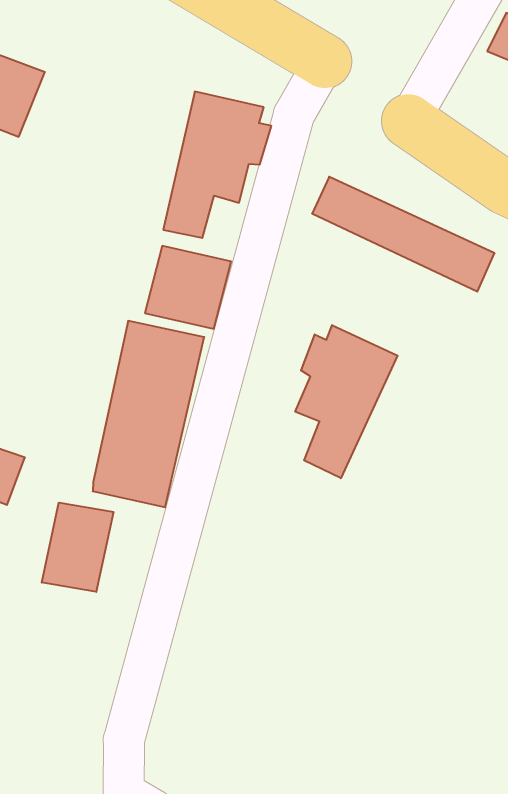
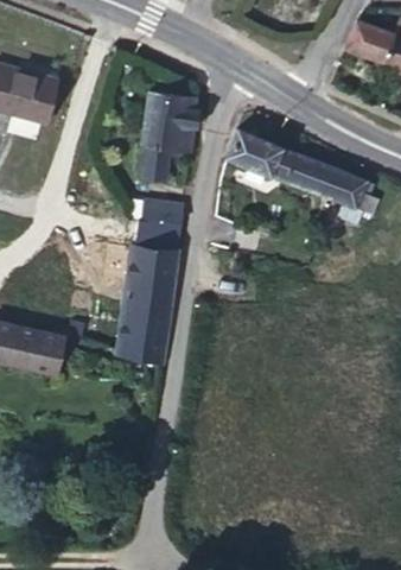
building: [295,325,398,478] -> none
building: [42,503,113,592] -> none

